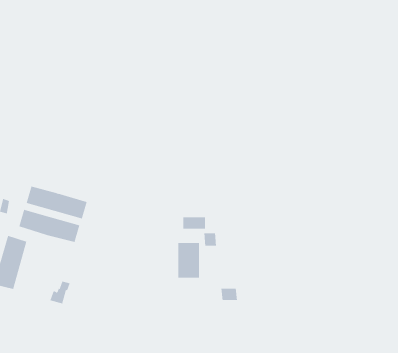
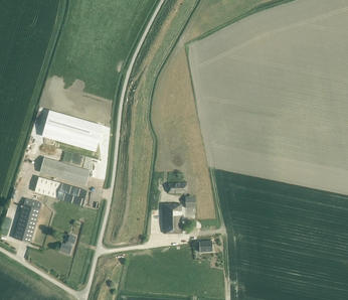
building: none -> [41,110,102,151]

